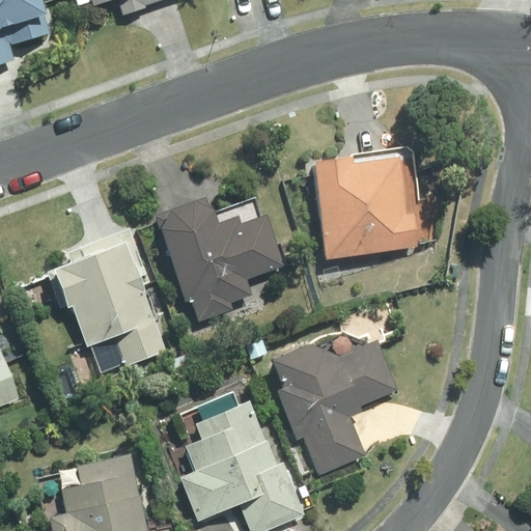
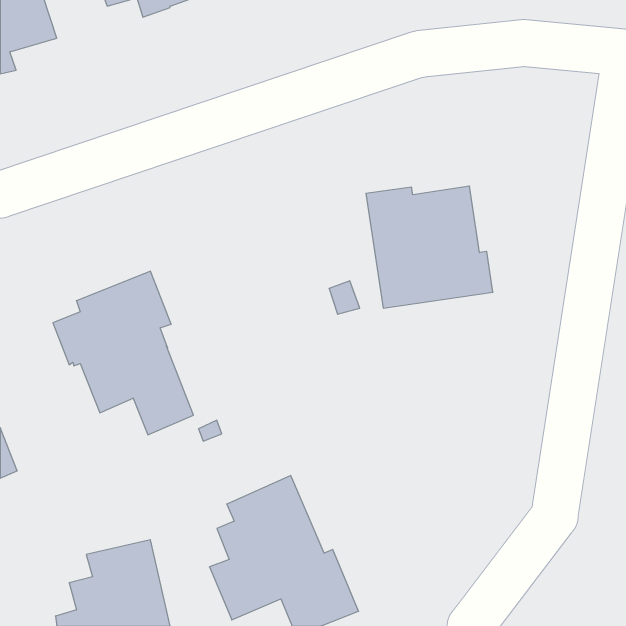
building: [153,196,284,322] -> none
building: [271,340,398,475] -> none

